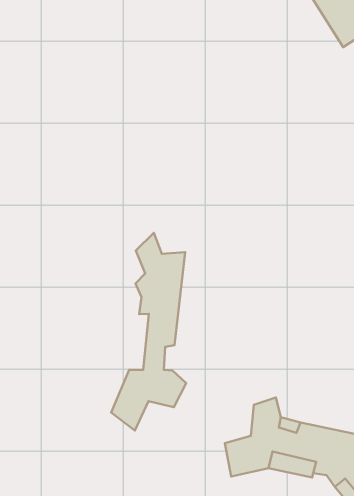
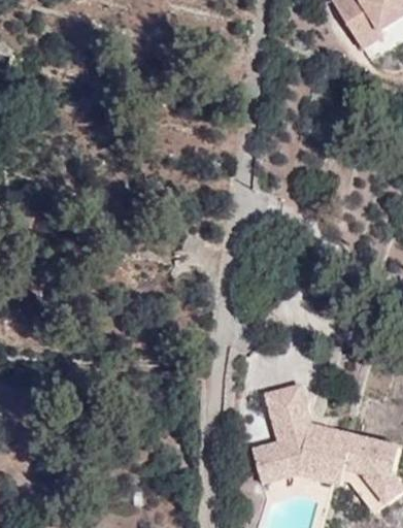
building: [111,233,186,430] -> none
building: none -> [264,385,302,441]

